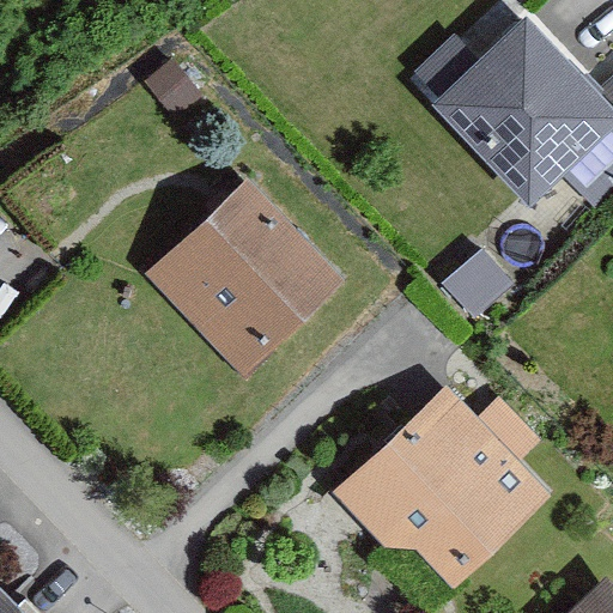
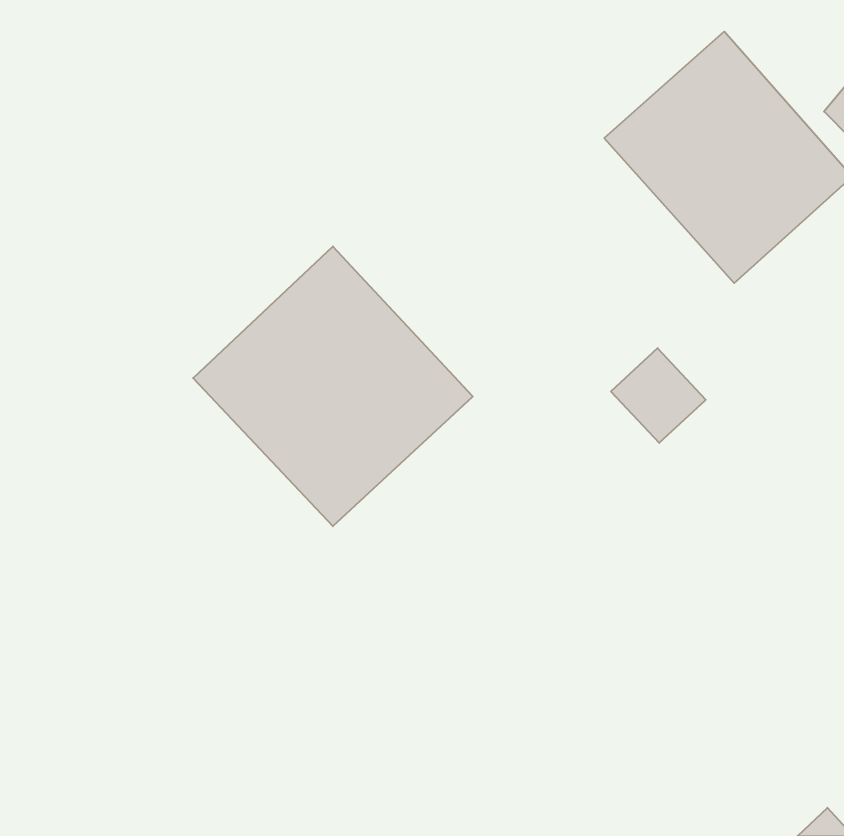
building: [336,390,554,589] -> none

